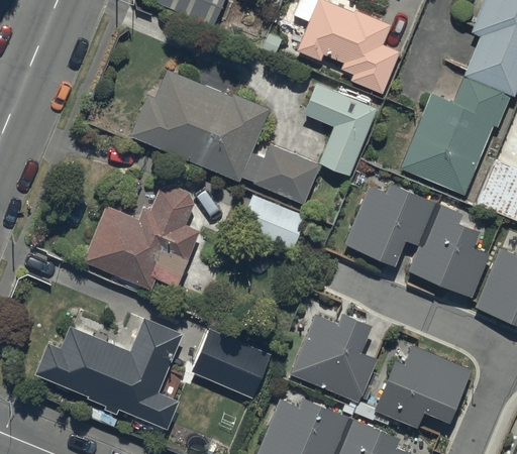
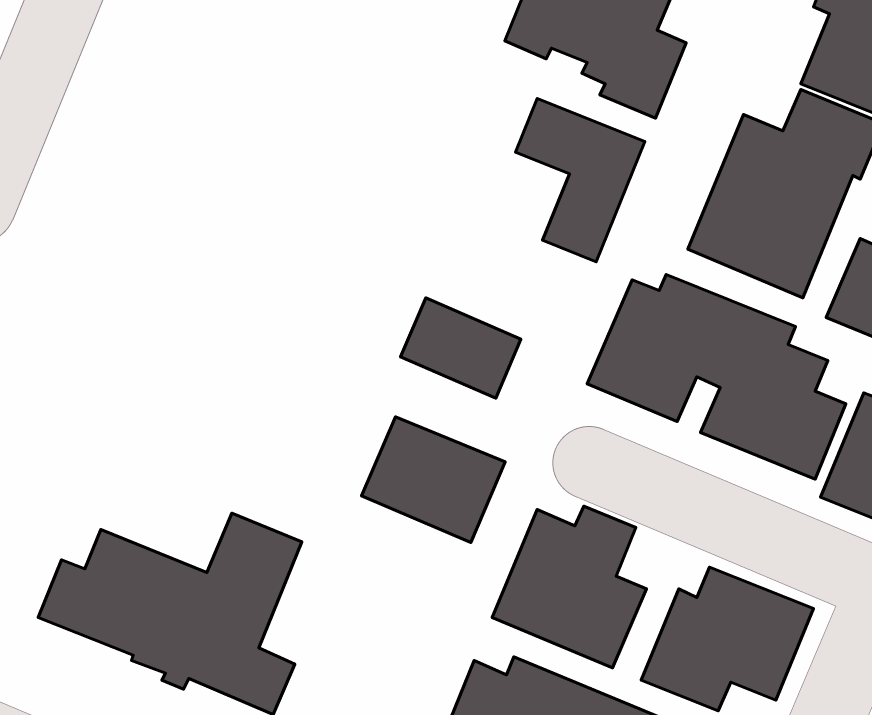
building: [130,70,270,181] -> none
building: [253,145,321,206] -> none
building: [83,185,200,291] -> none
building: [192,330,273,401] -> [361,417,505,543]

